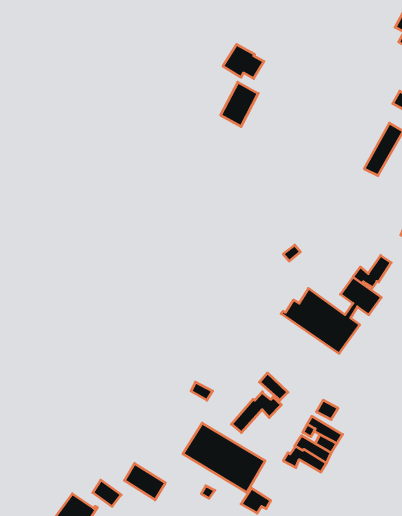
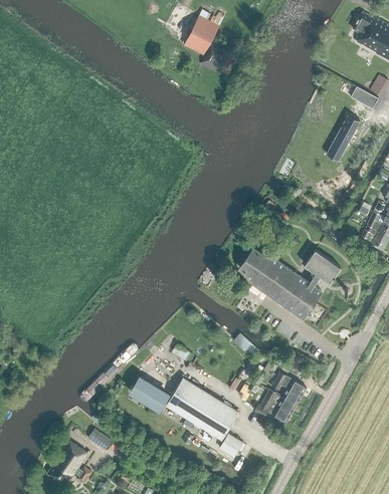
building: [221,82,258,127] -> [185,16,218,55]
building: [353,255,391,288] -> none
building: none -> [240,249,276,282]
building: [231,392,281,433] -> none
building: [124,463,165,500] -> [131,378,167,410]

